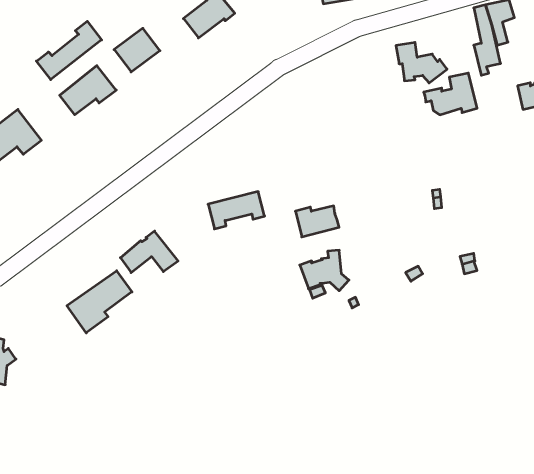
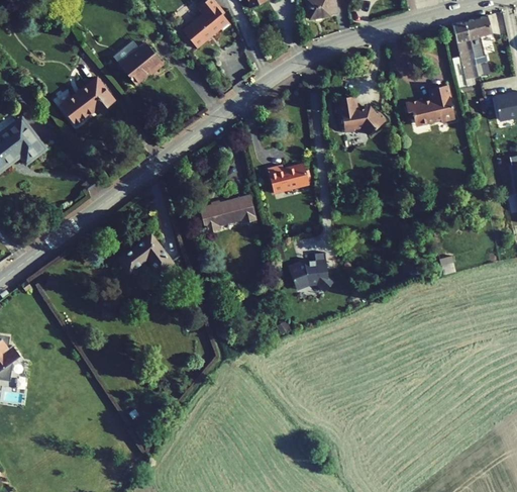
building: [36,21,102,80] -> none
building: [396,42,447,83] -> [337,96,386,134]
building: [295,206,339,237] -> [269,164,310,193]
building: [67,271,132,333] -> none

